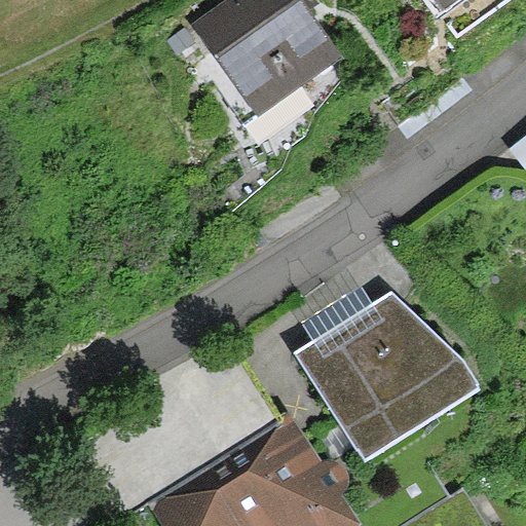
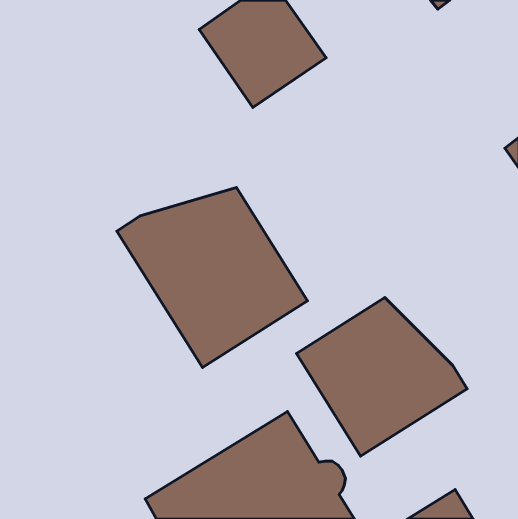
building: none -> [117,188,307,367]

